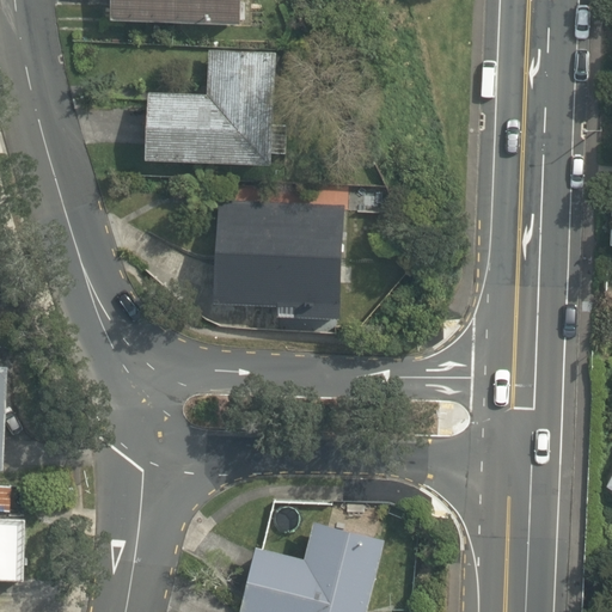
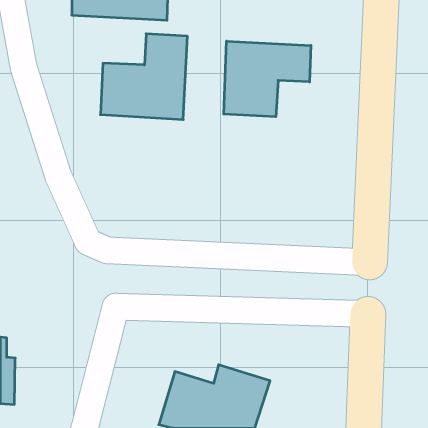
building: none -> [224,41,311,117]
building: [214,201,338,325] -> none

